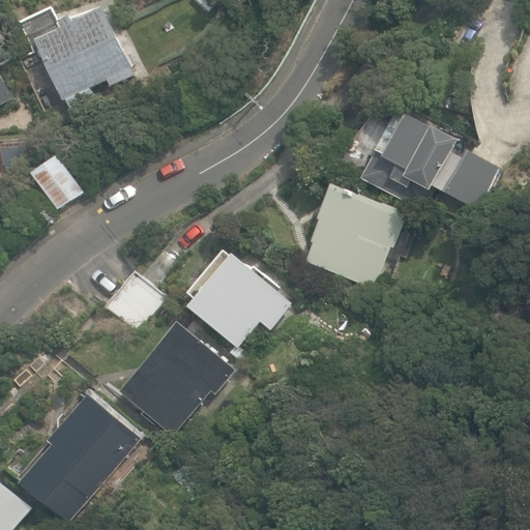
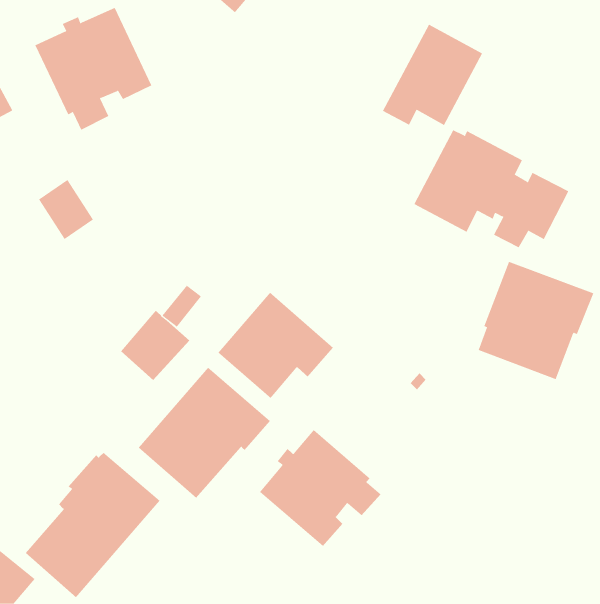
building: none -> [382,24,483,126]
building: [304,184,406,288] -> [478,261,594,380]
building: none -> [259,429,382,547]

